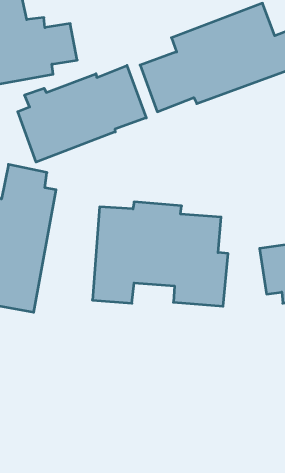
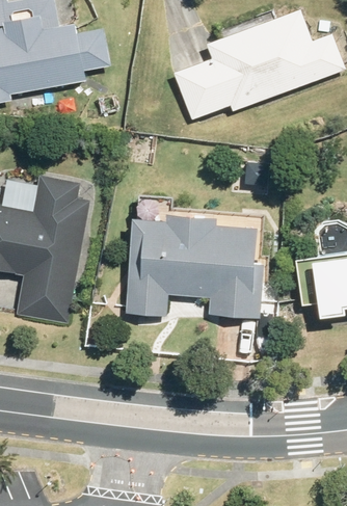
building: [18,65,146,162] -> none

